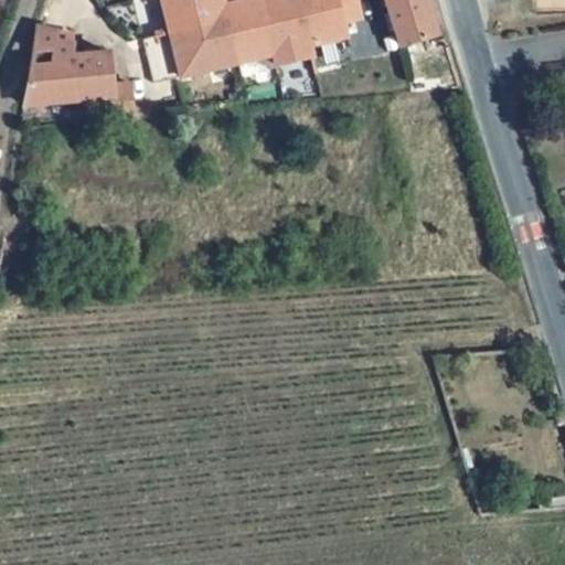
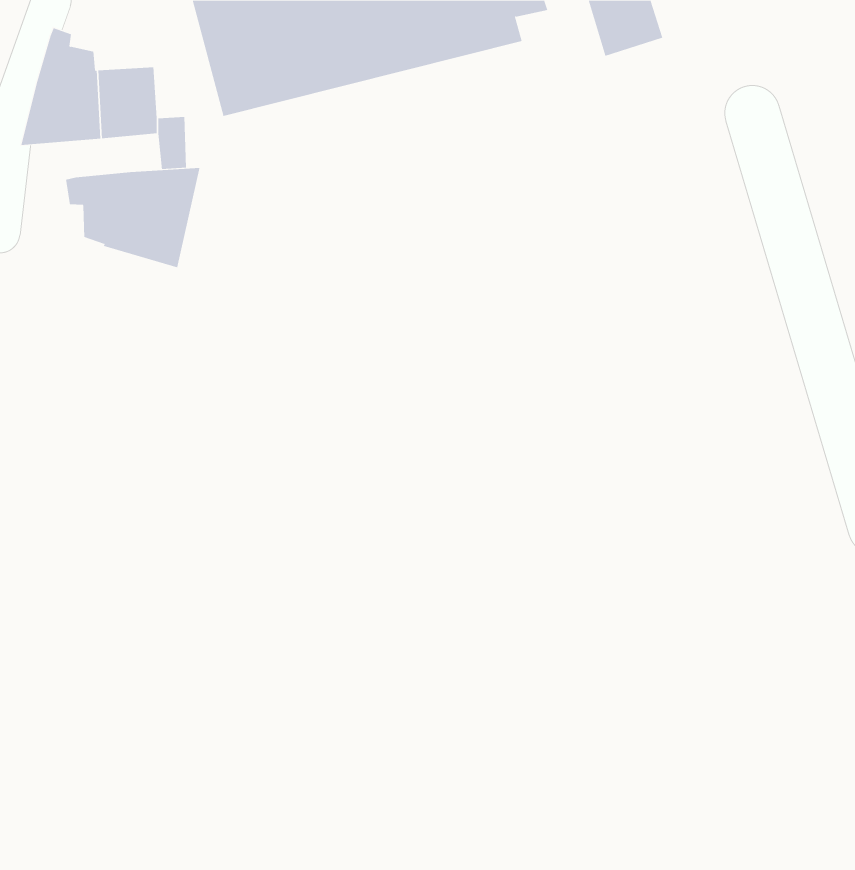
building: none -> [66,167,200,268]

